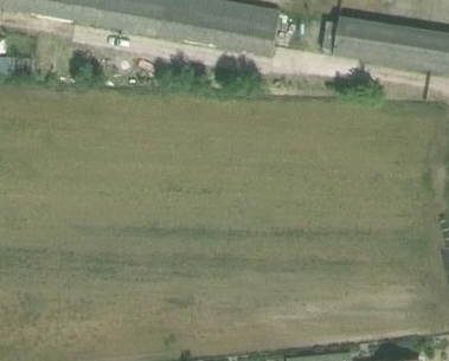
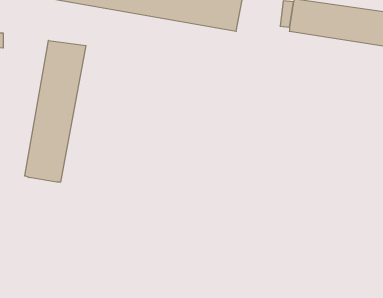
building: none -> [25,40,86,182]

